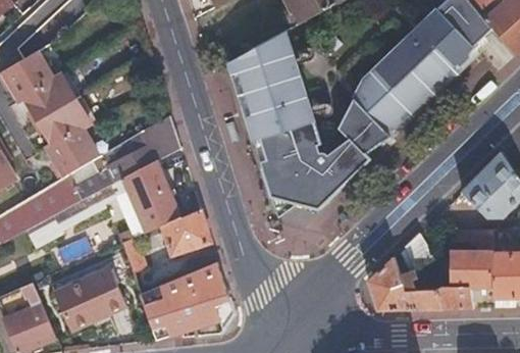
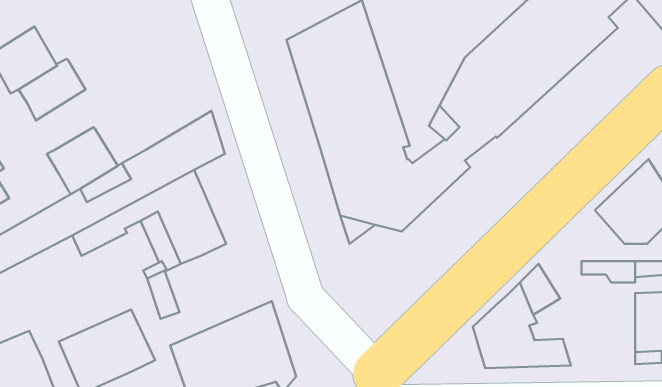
building: [38,99,90,145] -> none
building: [163,208,211,255] -> none
building: [438,251,493,309] -> none

